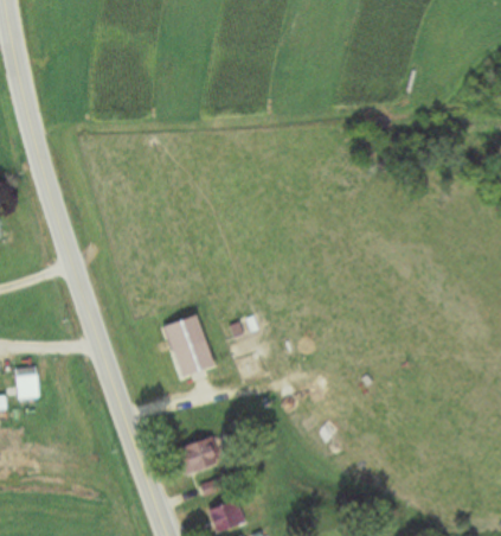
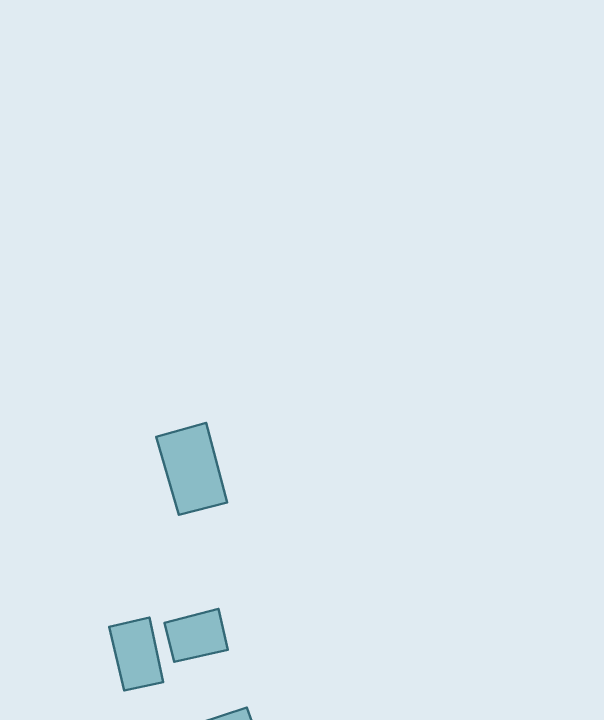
building: none -> [109,618,163,690]

